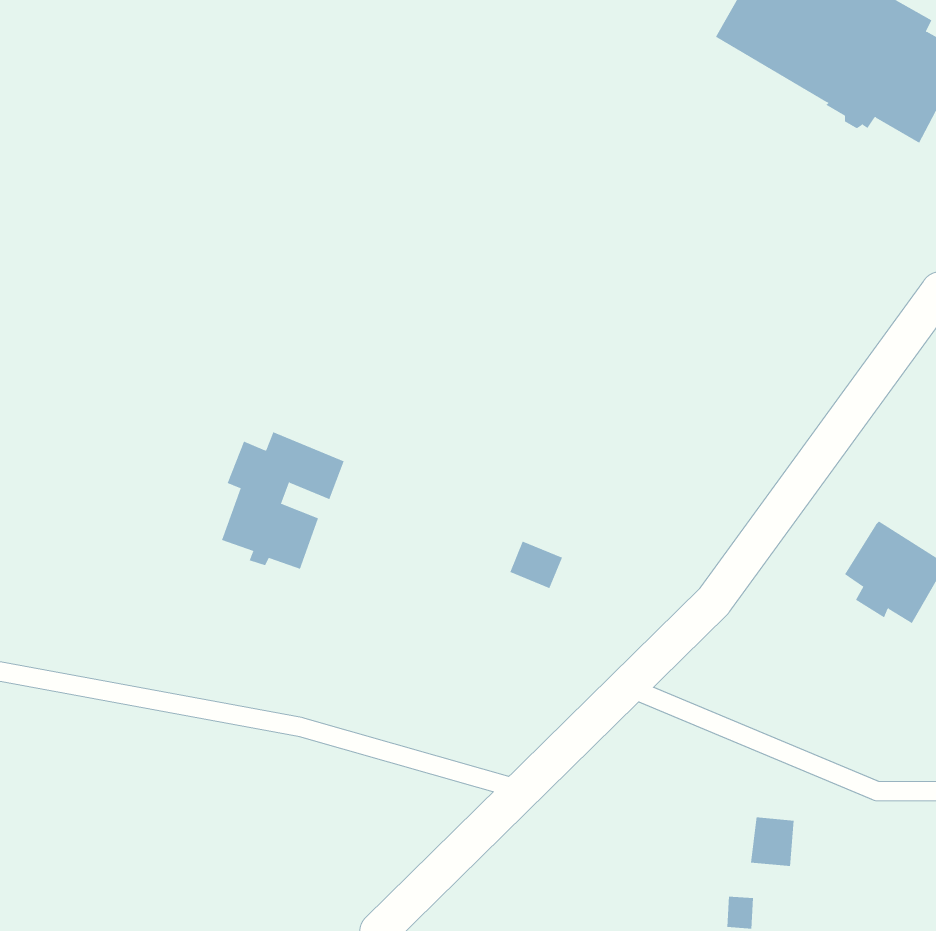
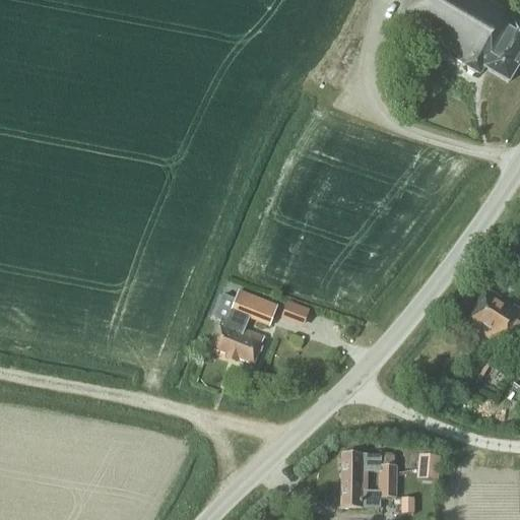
building: [221,432,345,570] -> [211,286,279,363]
building: none -> [341,452,396,506]

